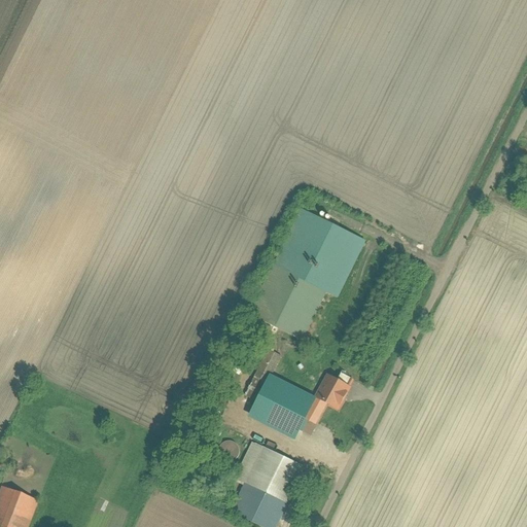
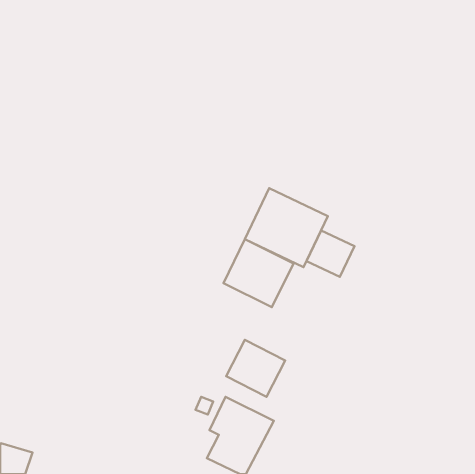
building: none -> [307,230,354,277]
building: [316,375,349,409] -> none

